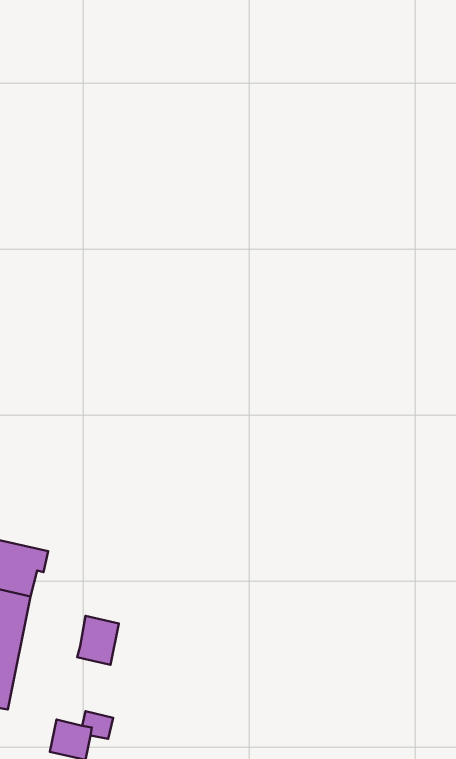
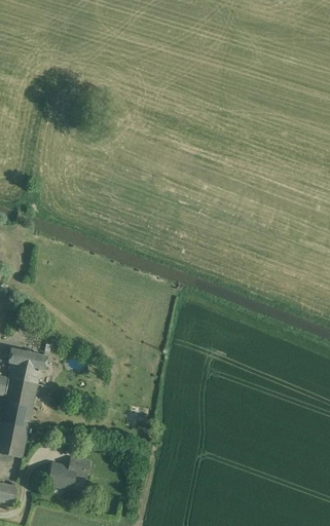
building: [77,616,119,665] -> none

